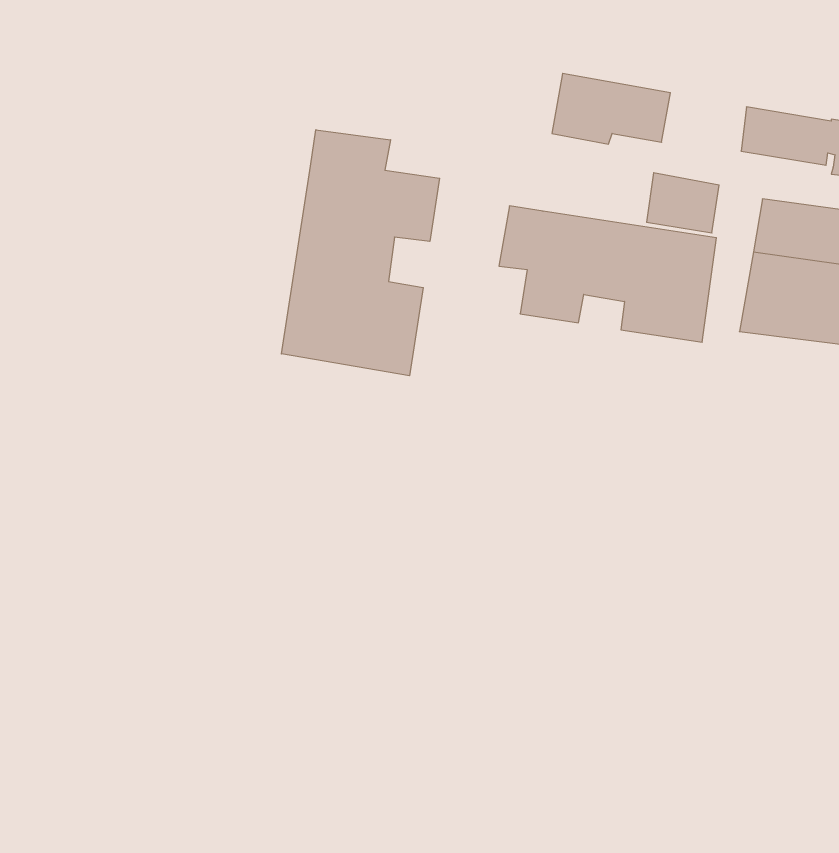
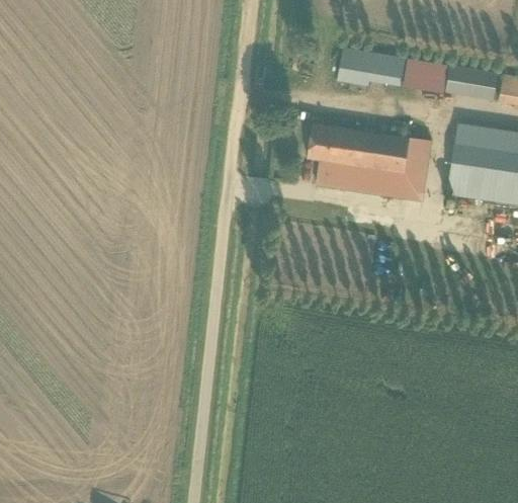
building: [281,130,440,376] -> none
building: [647,173,719,233] -> [405,59,446,93]

